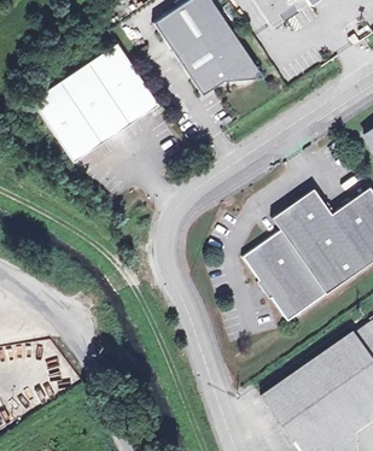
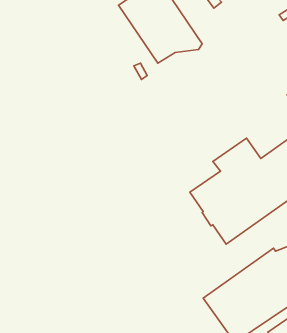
building: [34,42,161,162] -> none

